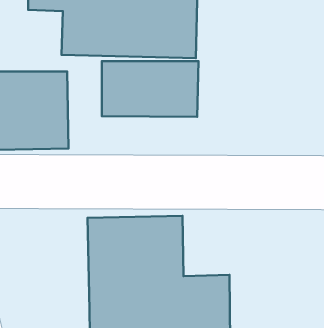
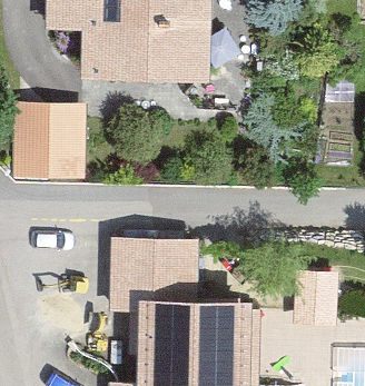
building: [102,61,198,117] -> none

